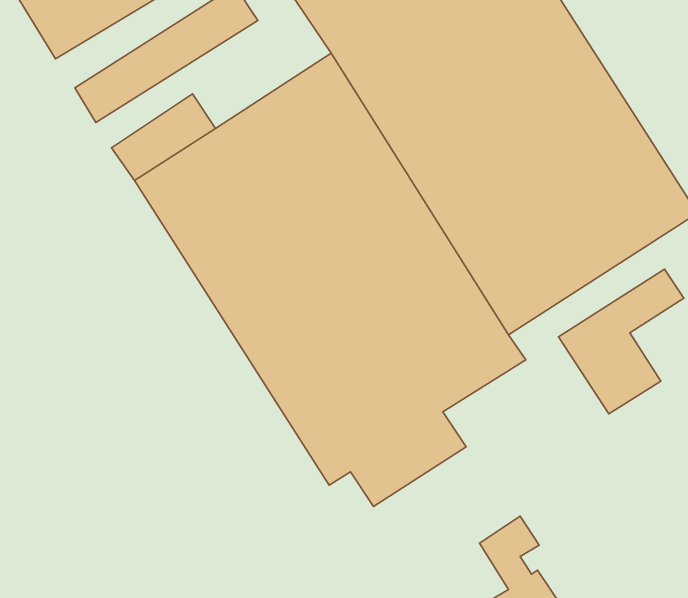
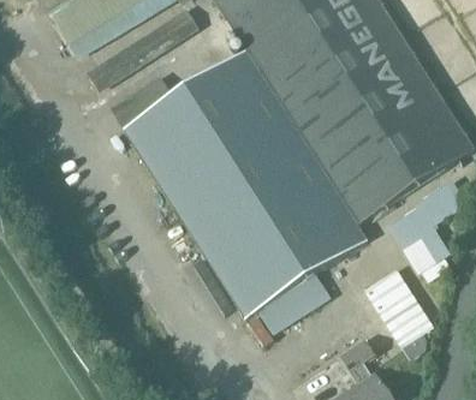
building: none -> [364,270,435,350]

